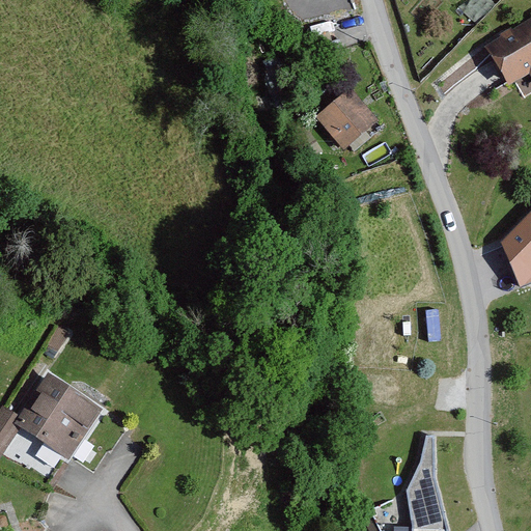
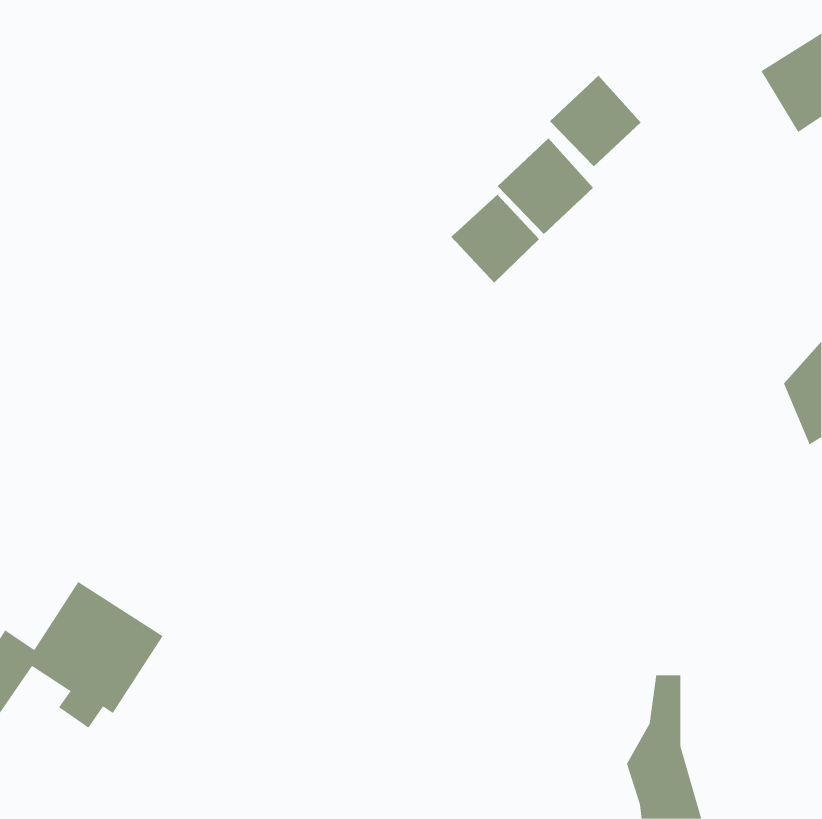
building: none -> [549,75,642,167]
building: none -> [451,194,540,283]

